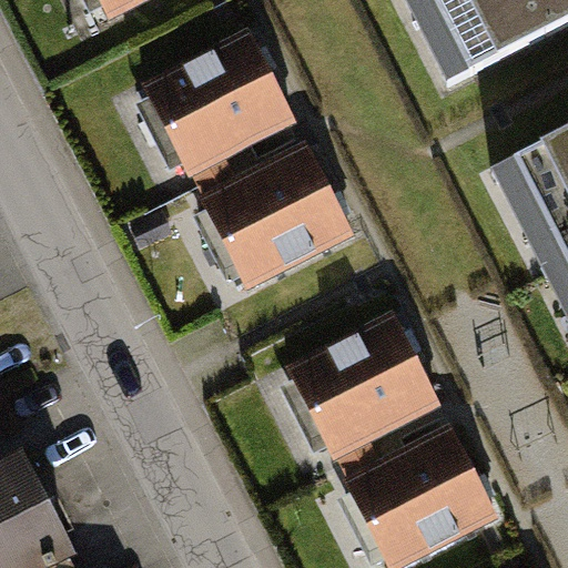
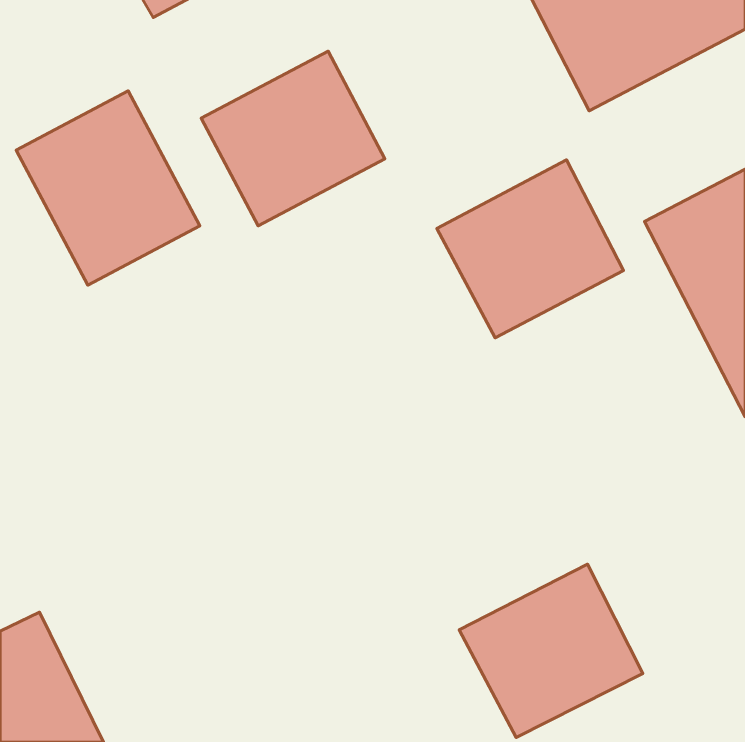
building: none -> [16,91,200,285]
building: [213,149,355,284] -> [437,160,623,338]
building: [295,315,435,449] -> none

